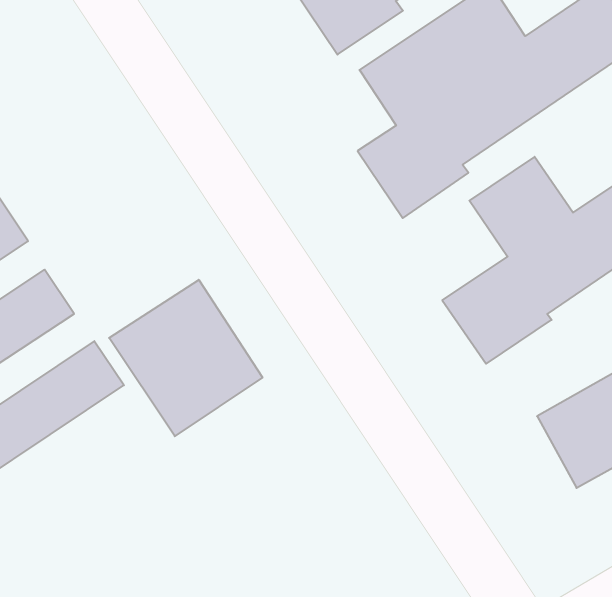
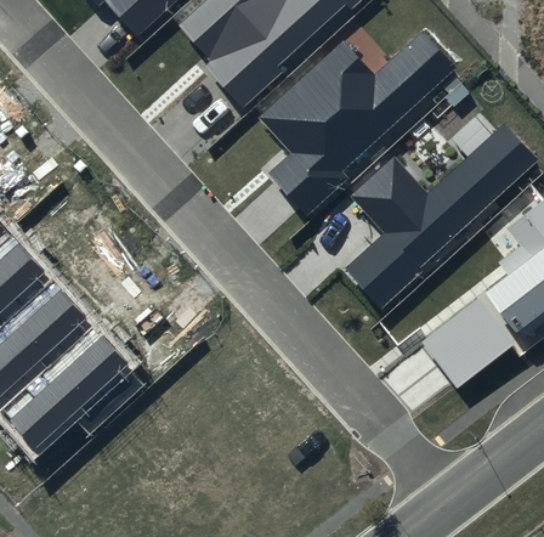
building: [109,280,262,436] -> none

